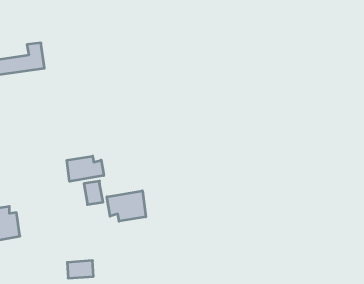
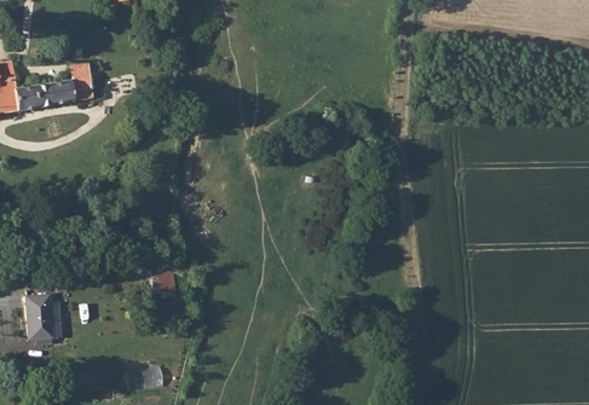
building: [67,156,104,181] -> none
building: [107,191,146,221] -> none

